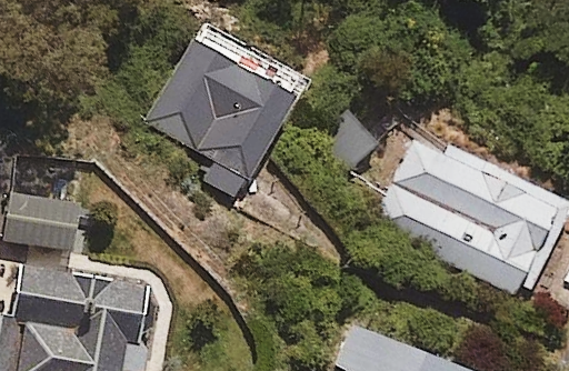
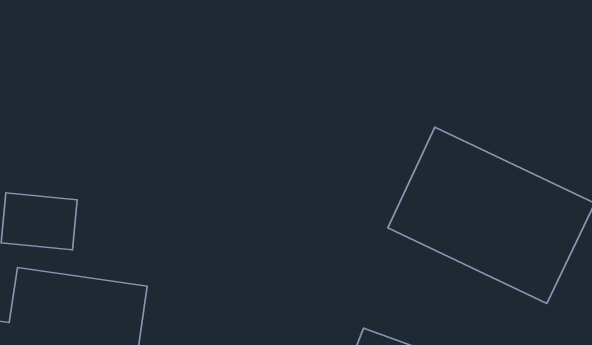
building: [146,21,303,199] -> none

